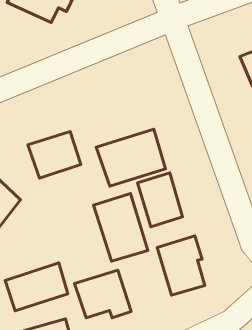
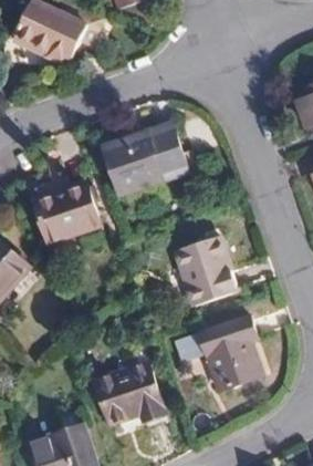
building: [96,129,165,186] -> [103,127,188,197]
building: [93,194,148,261] -> none
building: [5,263,68,311] -> none

